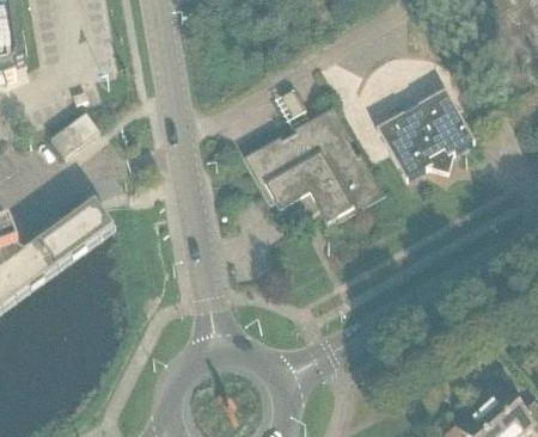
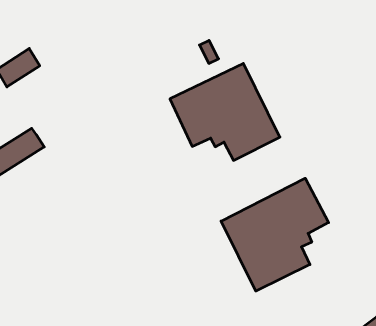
building: [374,86,473,177] -> none
building: none -> [221,178,329,291]

